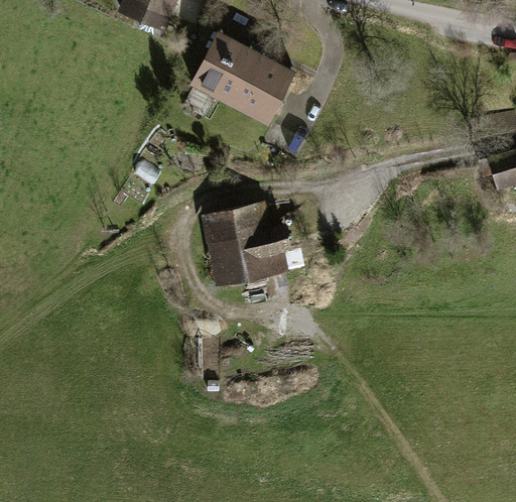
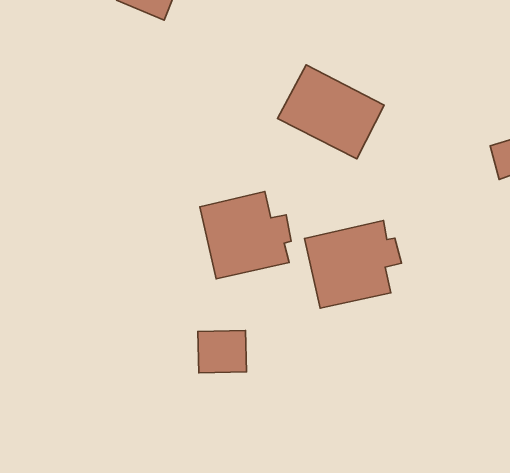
building: [189,30,295,124] -> [278,65,384,159]
building: none -> [304,221,401,308]

